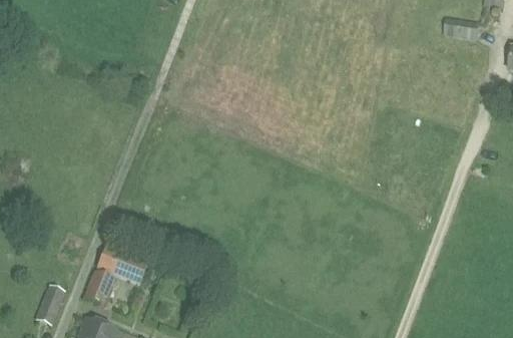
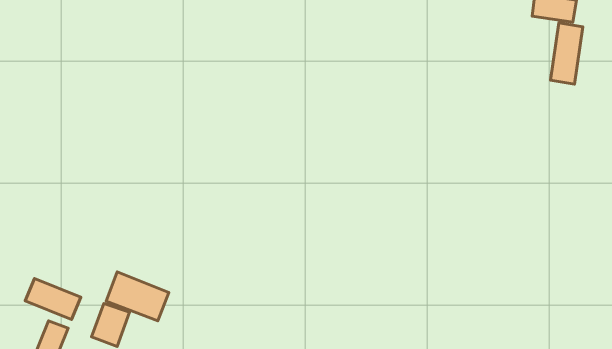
building: none -> [551,23,583,84]
building: none -> [25,278,81,319]

